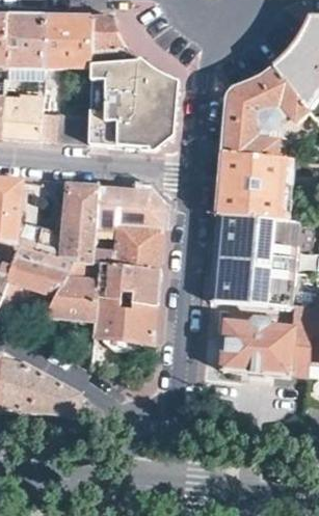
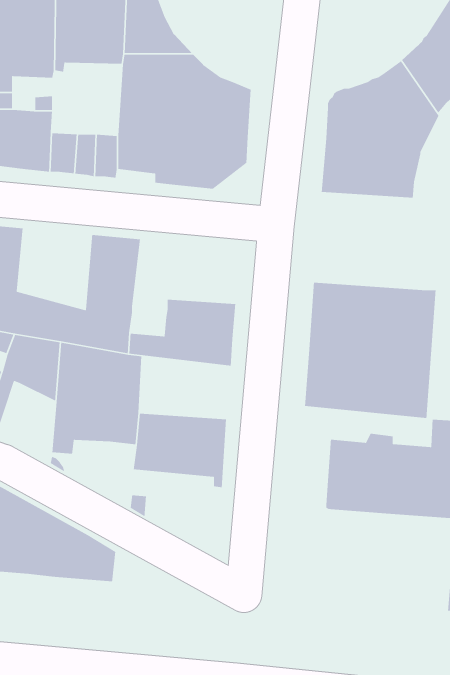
building: [216,154,294,219] -> none
building: [95,185,165,233] -> none
building: [99,264,161,306] -> none

